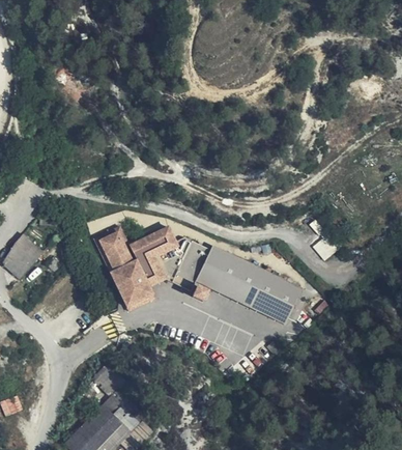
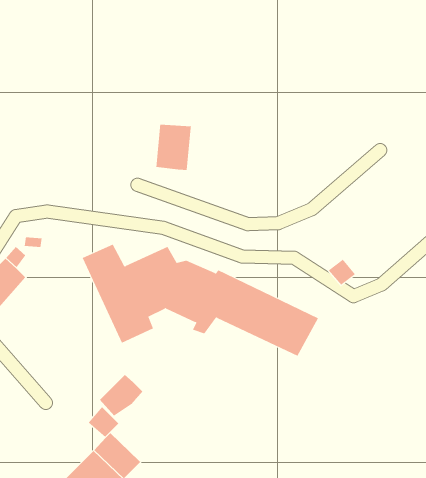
building: none -> [156,124,191,171]
building: none -> [99,374,143,416]

